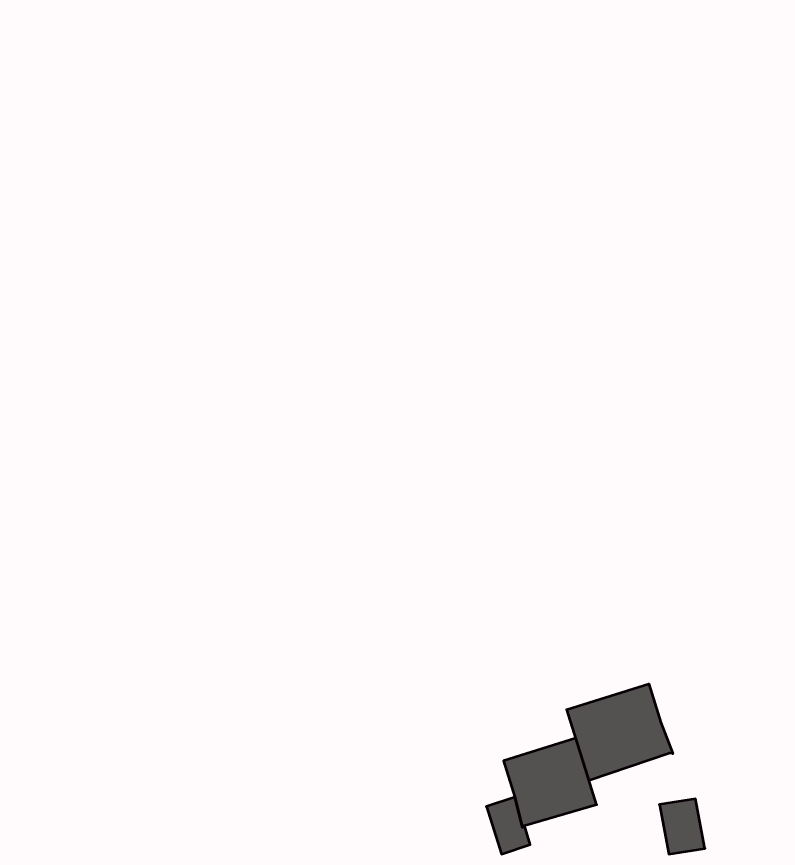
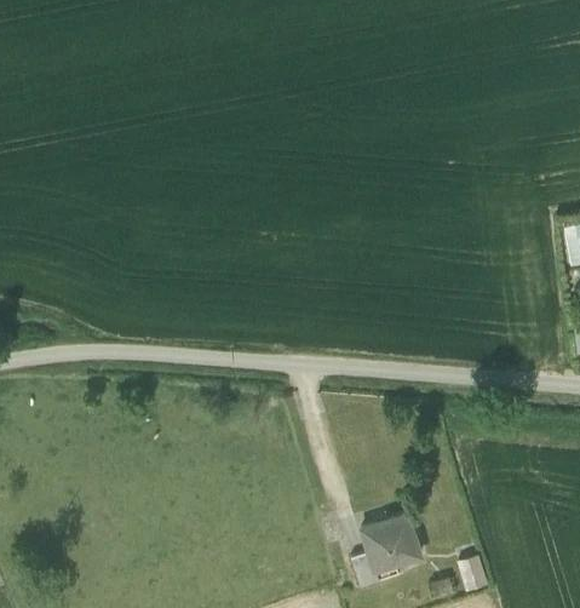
building: [567,684,673,780] -> none

